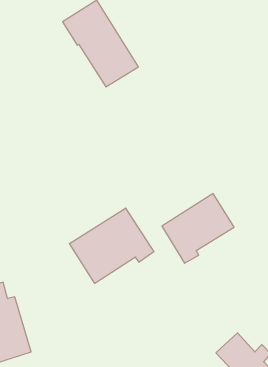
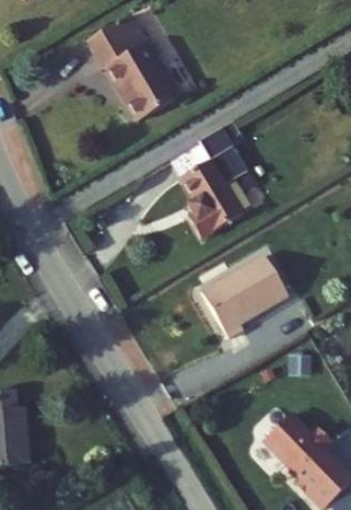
building: none -> [174,121,253,241]
building: [69,208,154,283] -> none

